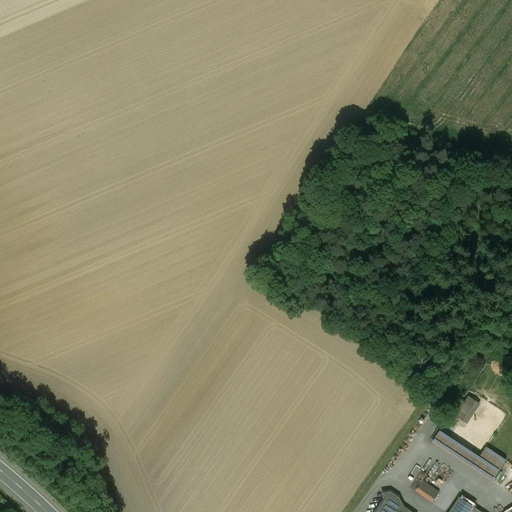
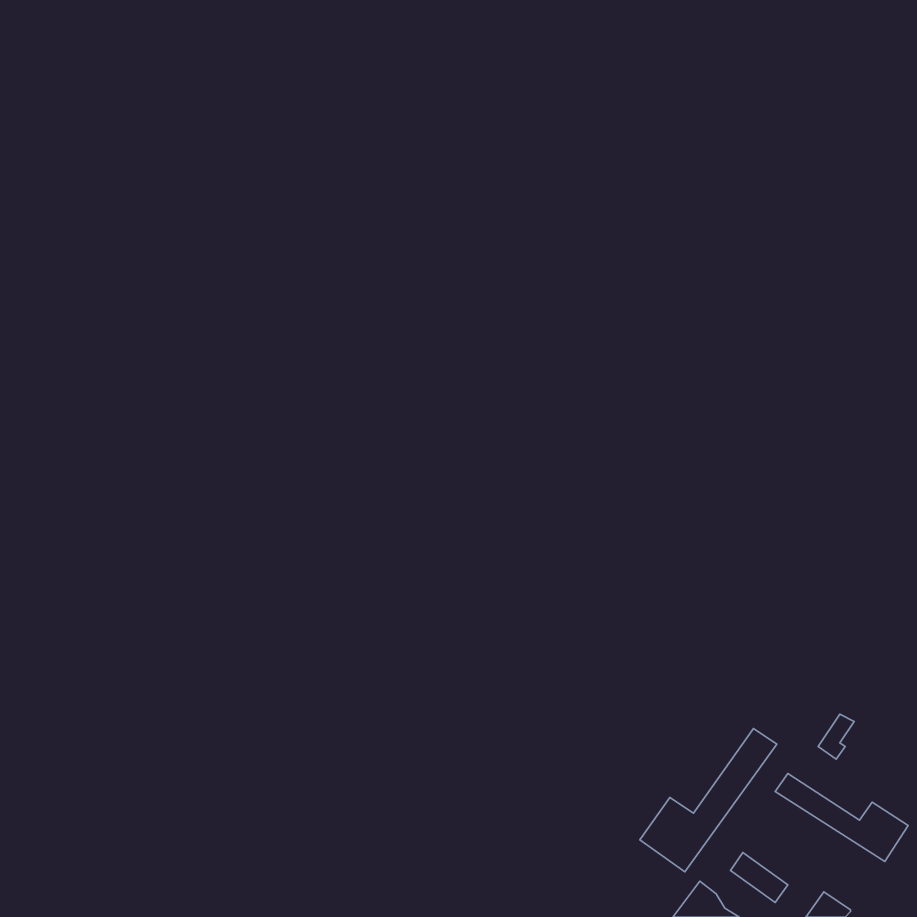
building: none -> [640,728,777,872]

